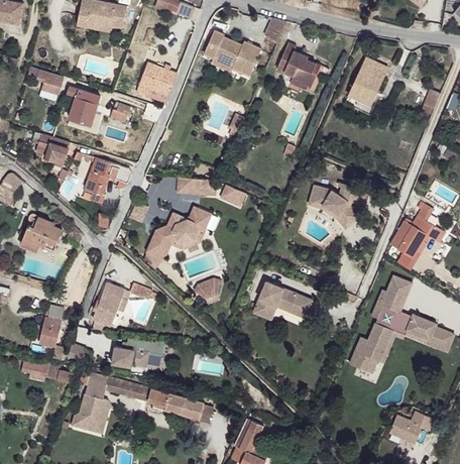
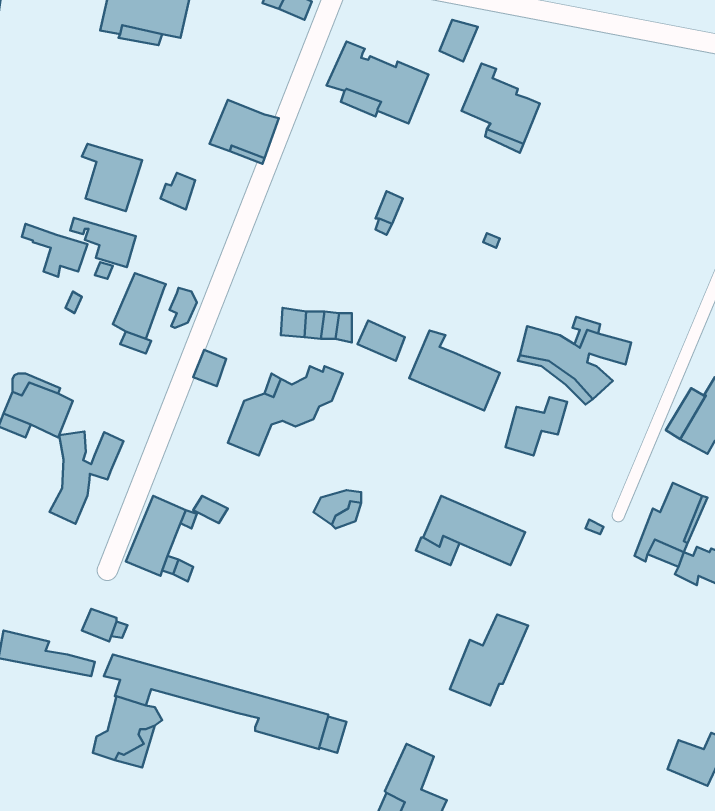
building: [348,57,387,105] -> none
building: [27,67,64,94] -> [70,218,136,267]
building: none -> [409,331,500,410]
building: none -> [505,397,567,456]
building: none -> [49,432,124,524]
building: [38,315,61,344] -> none
building: [351,319,394,369] -> [450,614,528,706]
building: [111,346,155,366] -> none

